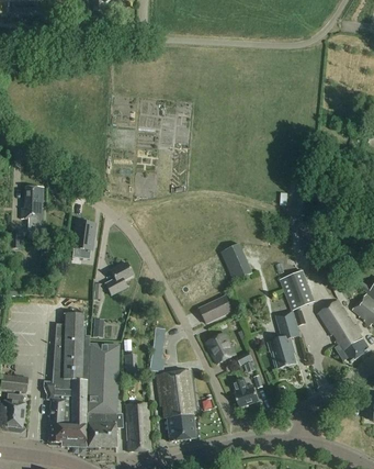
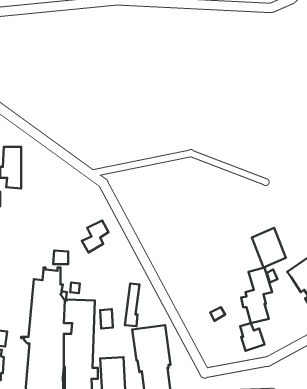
building: [75,224,93,260] -> none
building: [222,243,252,280] -> none
building: [200,294,234,323] -> none
building: [206,332,236,362] -> none
building: [234,378,259,406] -> [240,323,265,351]

